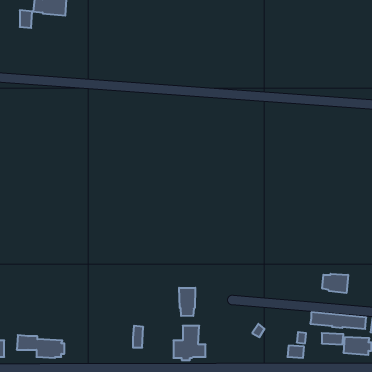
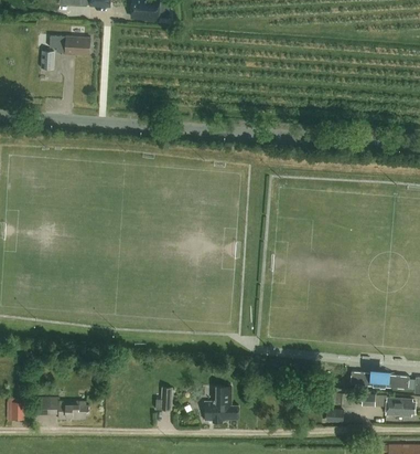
building: [322,274,348,293] -> none
building: [179,288,195,316] -> none

